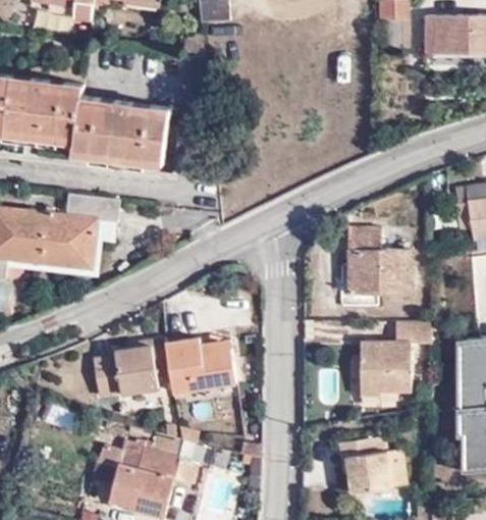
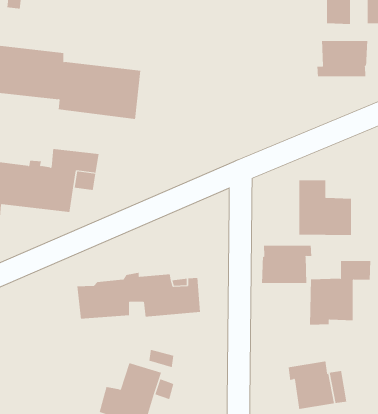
building: none -> [317,40,368,77]
building: none -> [261,245,312,284]
building: [104,436,154,485] -> none

